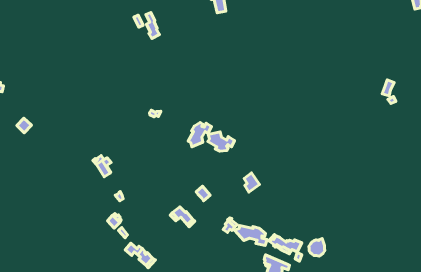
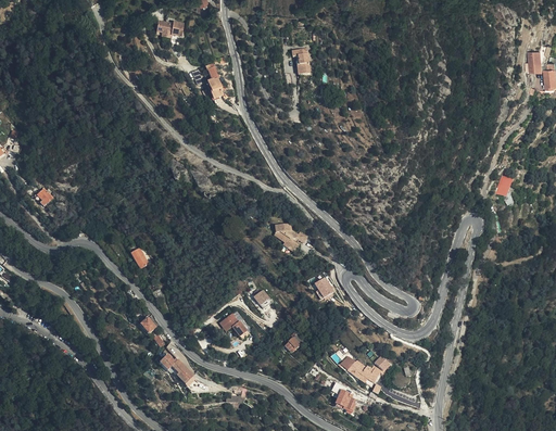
building: [188,123,212,147] -> none
building: [234,226,267,245] -> none

